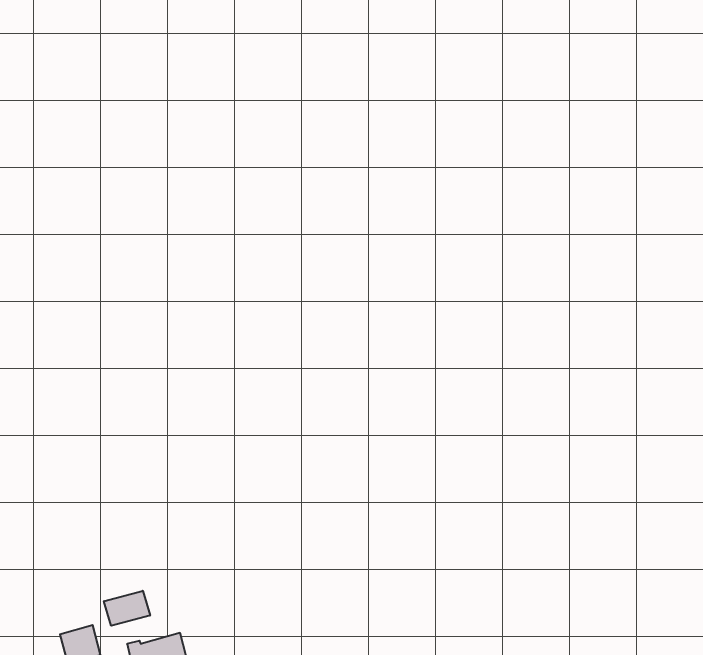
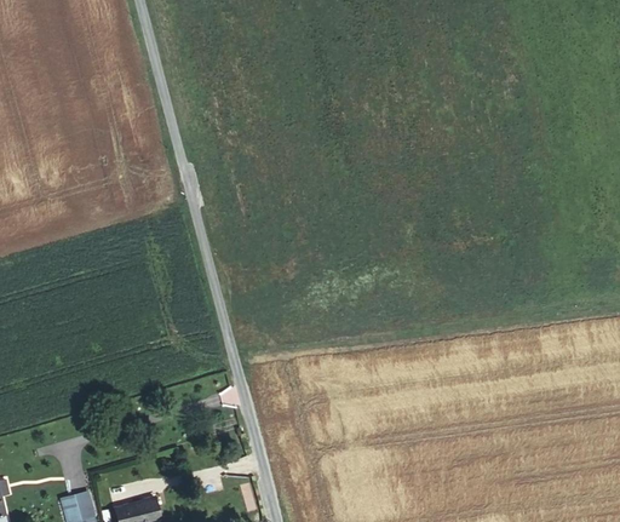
building: [104,591,150,626] -> none

